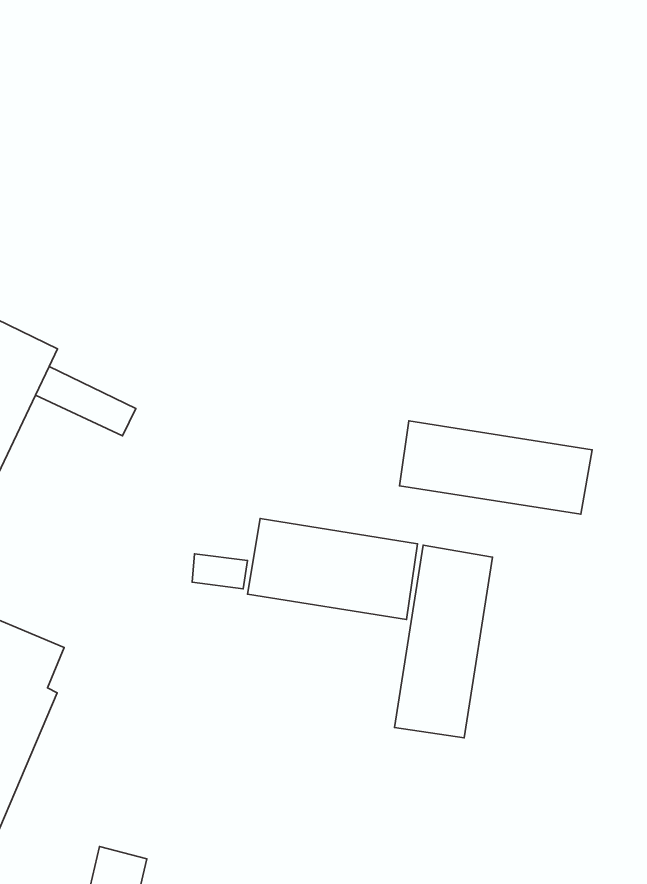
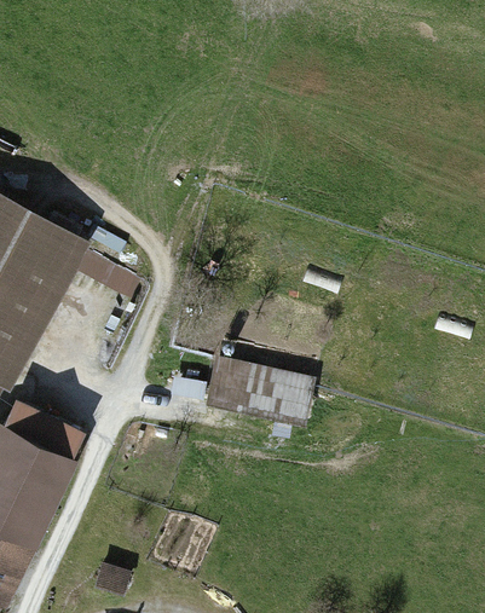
building: [399,421,592,514] -> none
building: [394,545,492,738] -> none

